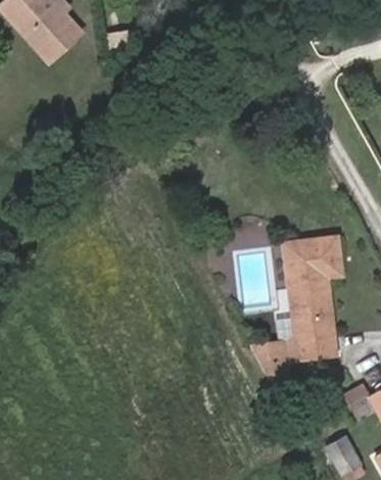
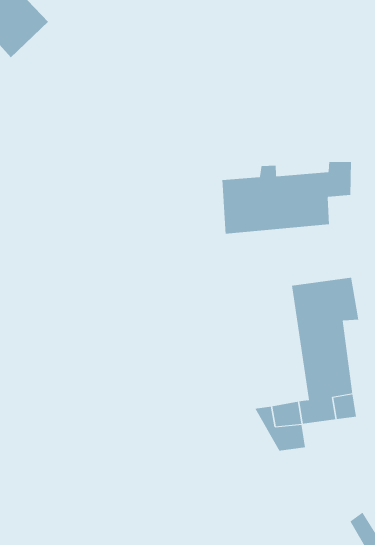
building: none -> [222,161,351,234]

